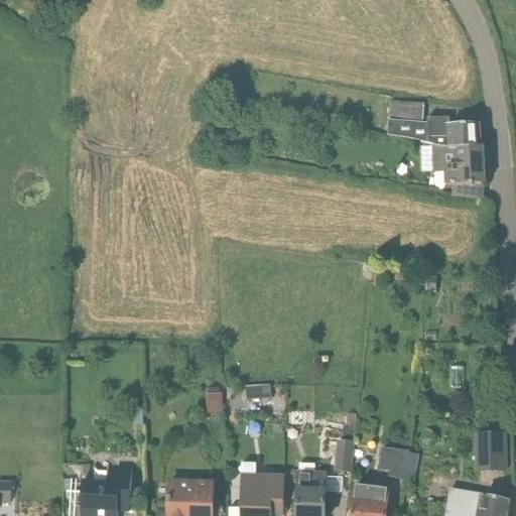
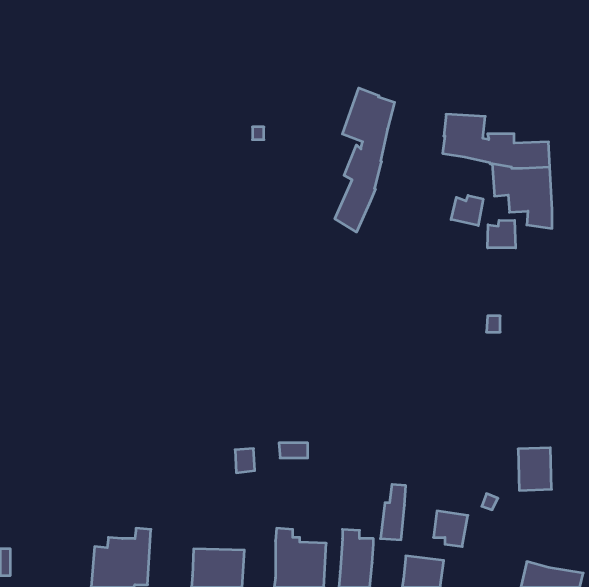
building: none -> [335,88,395,232]
building: none -> [451,195,483,226]
building: none -> [488,220,516,248]
building: [477,433,506,471] -> [518,448,552,490]

